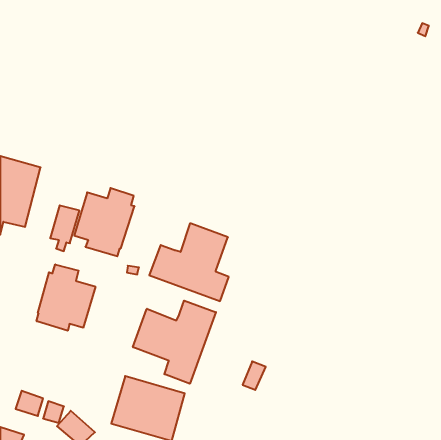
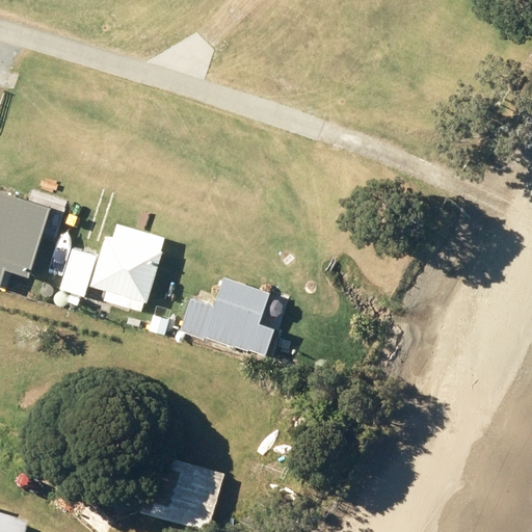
building: [37,264,95,331] -> none
building: [133,301,216,384] -> none

